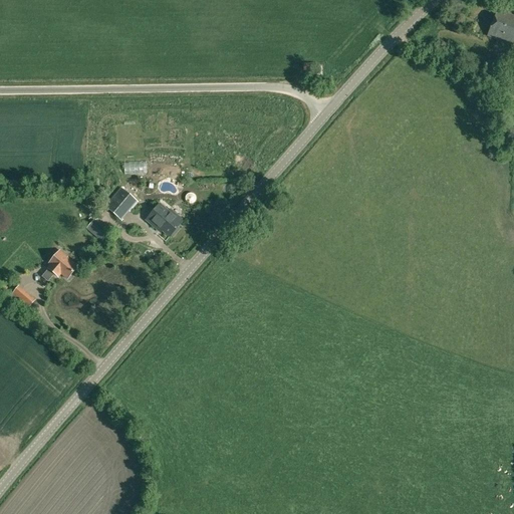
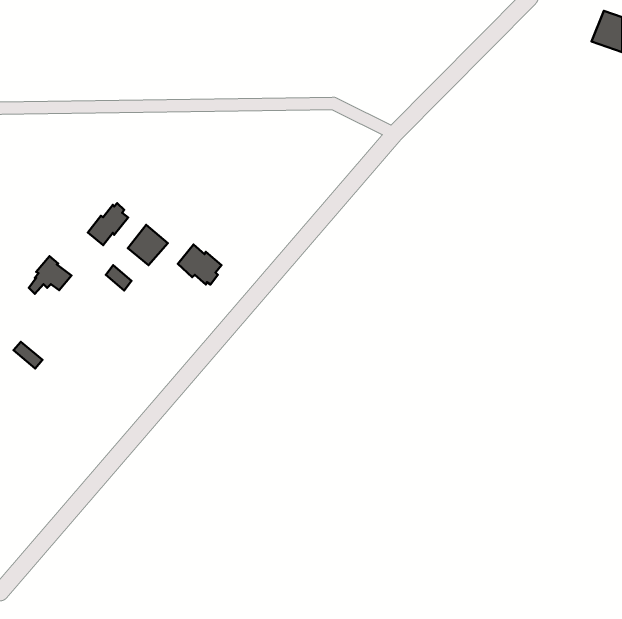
building: none -> [88,203,128,245]
building: [43,250,78,281] -> [29,256,71,294]

